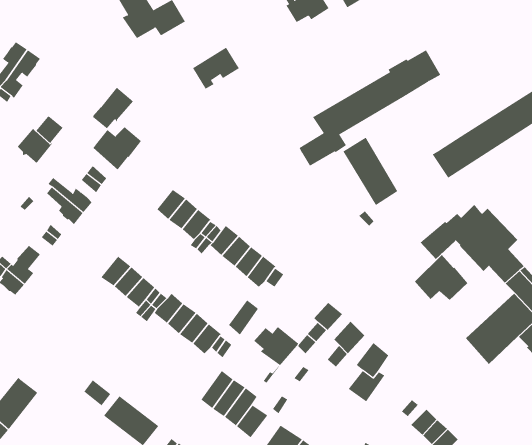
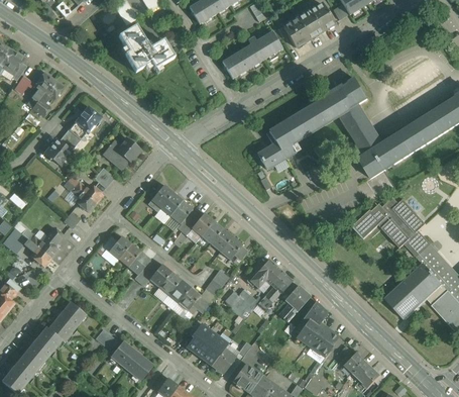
building: [192,47,240,89] -> [223,45,259,78]
building: [93,87,134,129] -> [70,106,101,138]
building: [342,137,398,206] -> [340,103,382,156]
building: [414,254,468,301] -> none
building: none -> [250,259,281,288]
building: none -> [48,302,86,341]
building: none -> [311,326,339,357]

